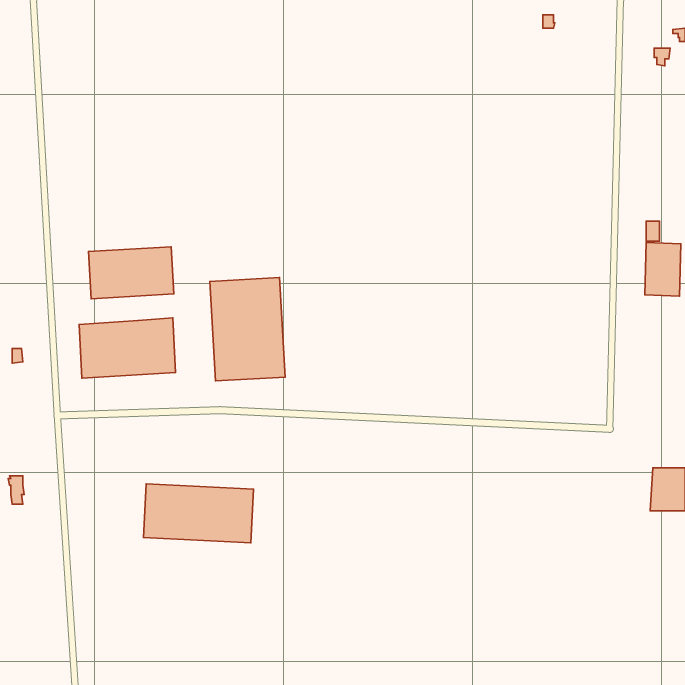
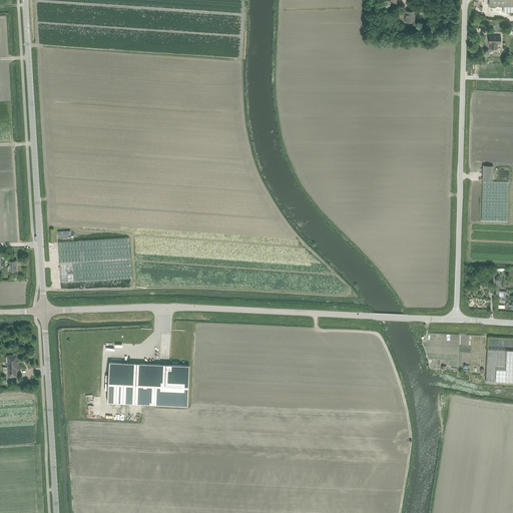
building: [88,247,174,299] -> none
building: [210,277,285,381] -> none

